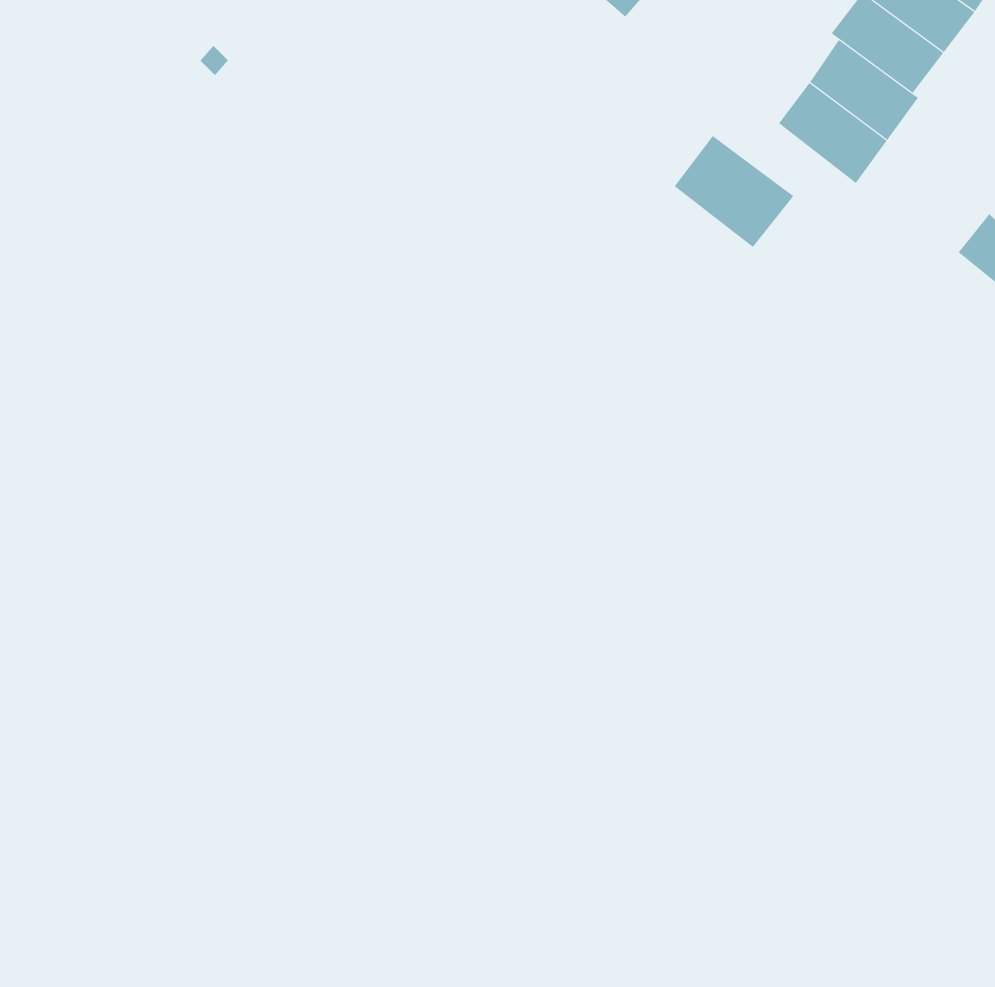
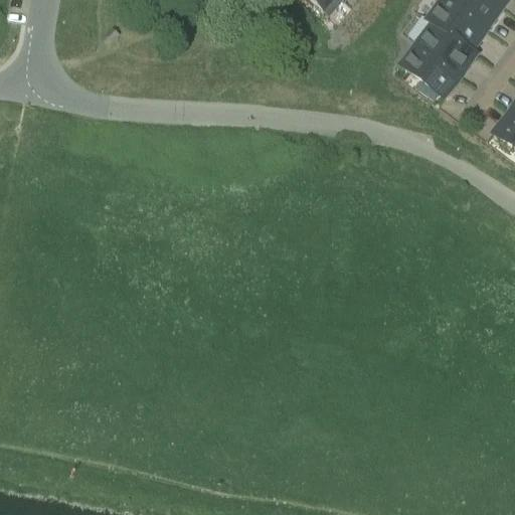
building: [674,135,794,248] -> none

